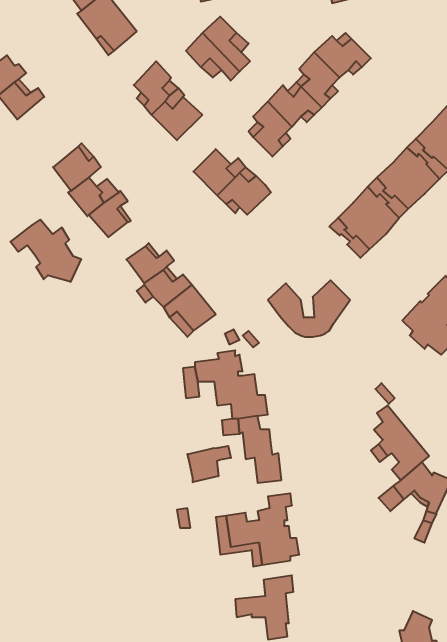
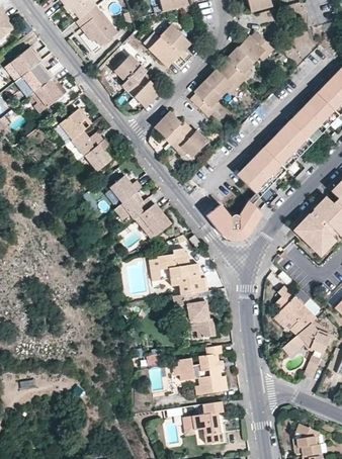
building: none -> [35,77,64,108]
building: [10,220,81,282] -> none
building: none -> [237,165,268,197]
building: [187,446,231,482] -> none

